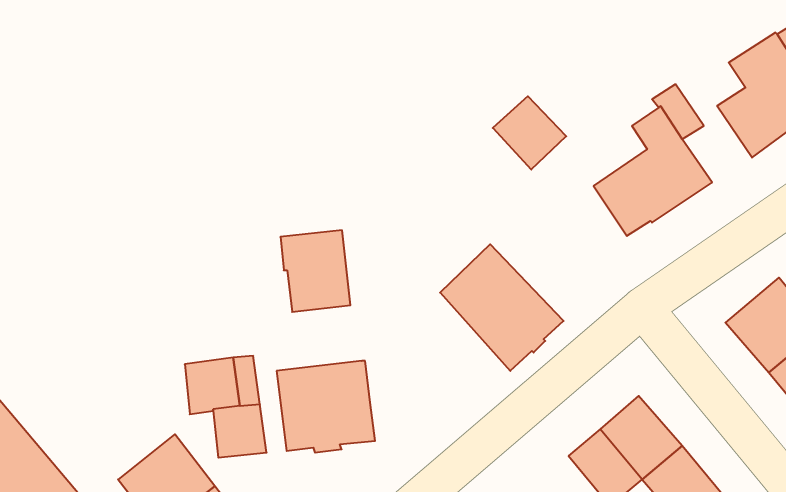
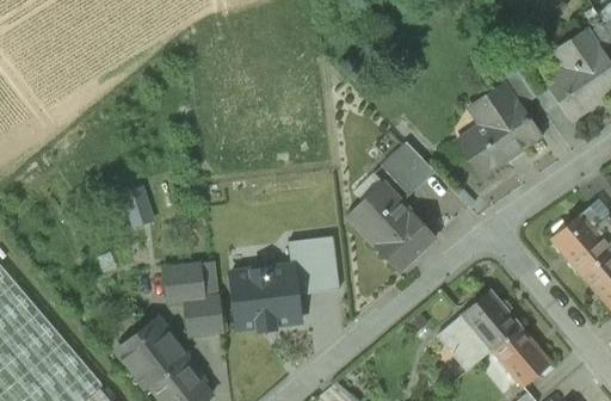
building: [493,96,566,170] -> [381,143,433,196]
building: [280,230,350,312] -> [288,237,338,296]
building: none -> [121,184,154,227]

